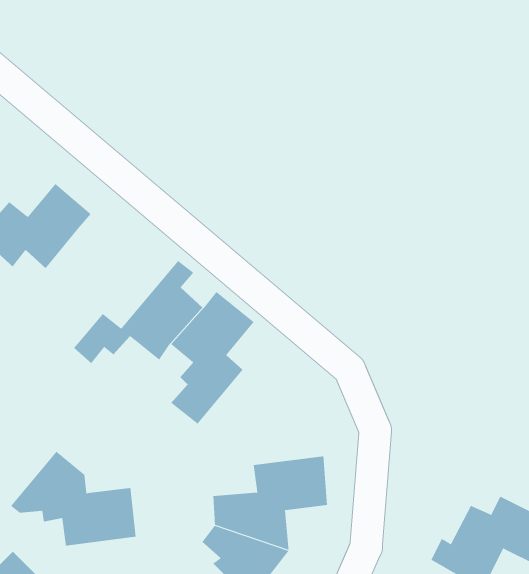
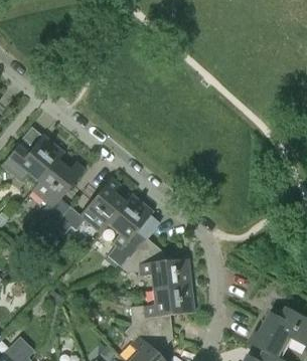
building: none -> [32,160,85,225]
building: [10,451,137,546] -> [122,237,191,290]

